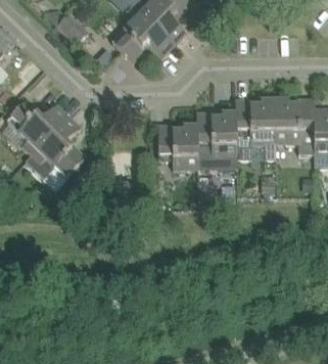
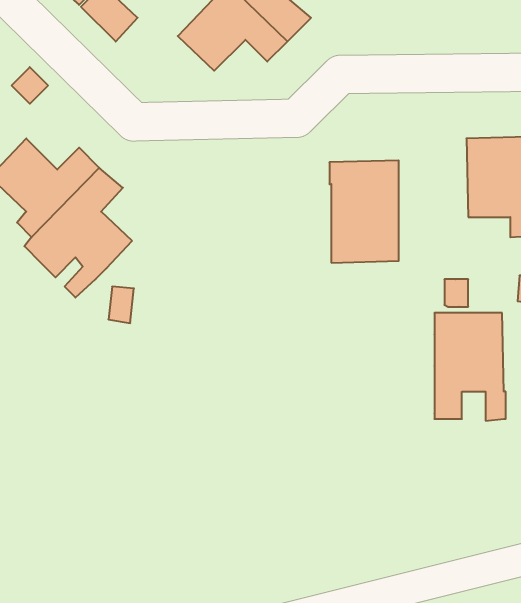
building: [235,99,275,160] -> [434,313,506,421]
building: [157,125,197,170] -> none

